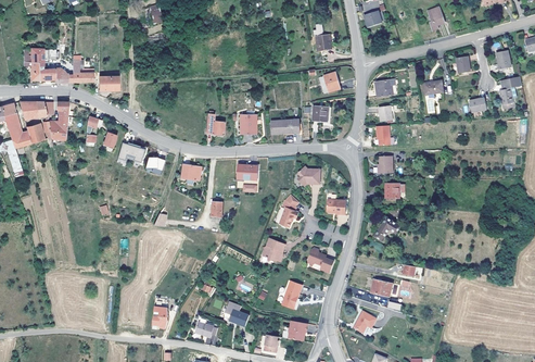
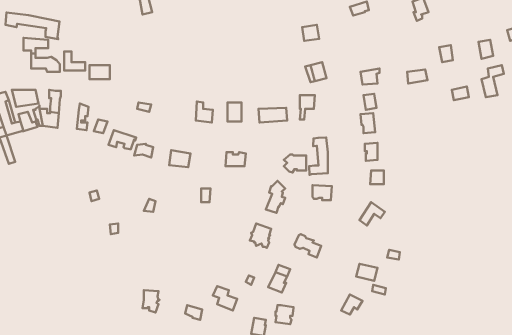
building: none -> [5,13,59,39]
building: none -> [309,138,328,175]

